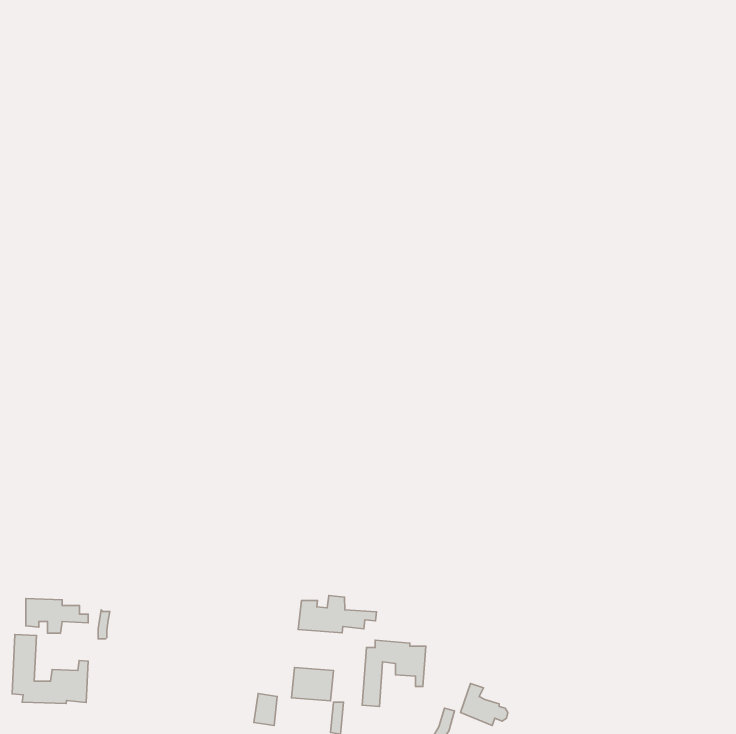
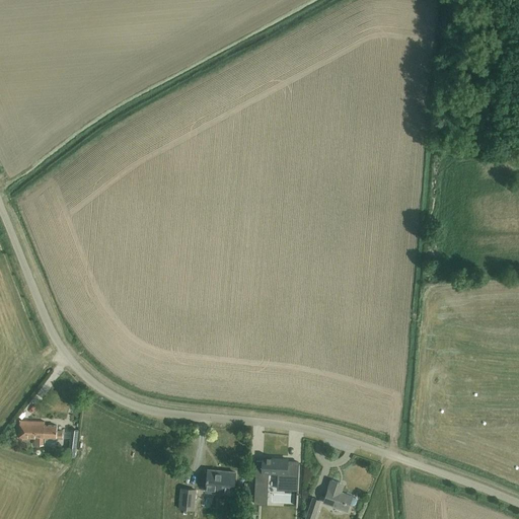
building: [298,596,377,633] -> none
building: [12,635,88,704] -> none

